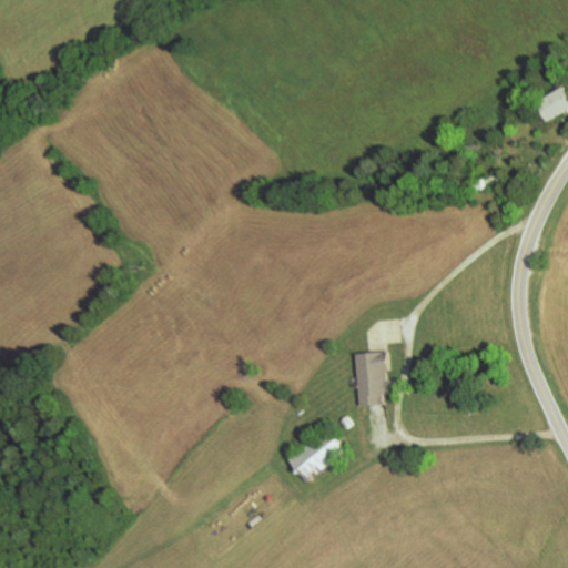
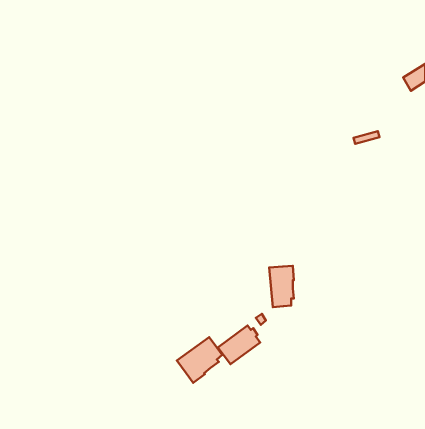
building: none -> [177,337,222,383]

